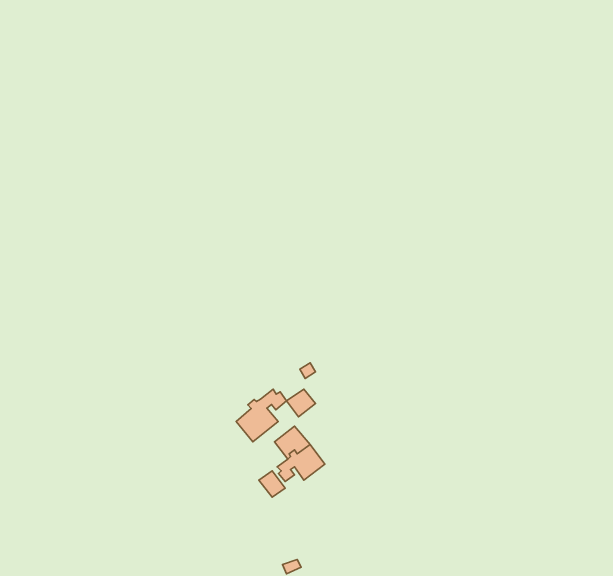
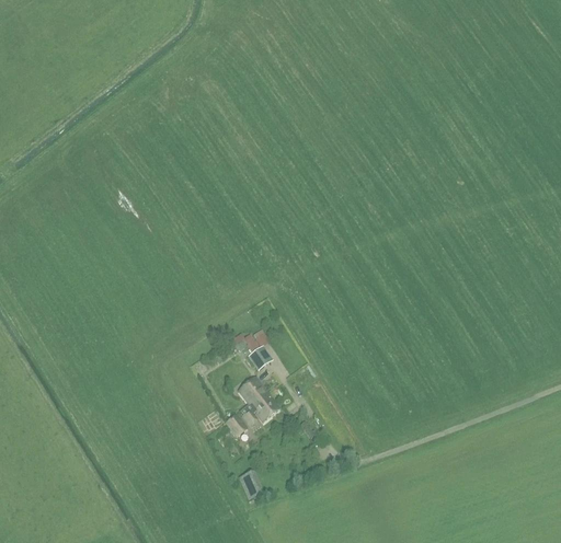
building: [236,389,287,442] -> none

